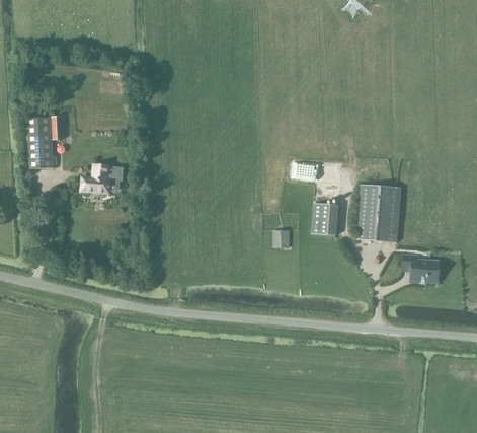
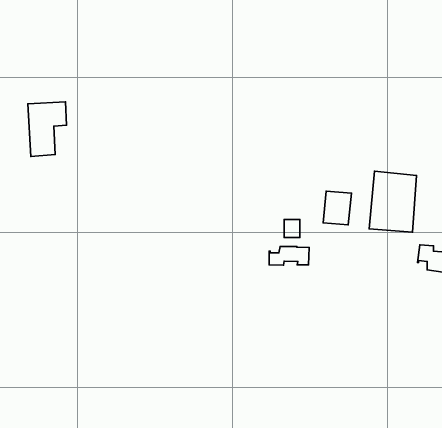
building: [82,165,124,193] -> none
building: none -> [269,246,309,265]

